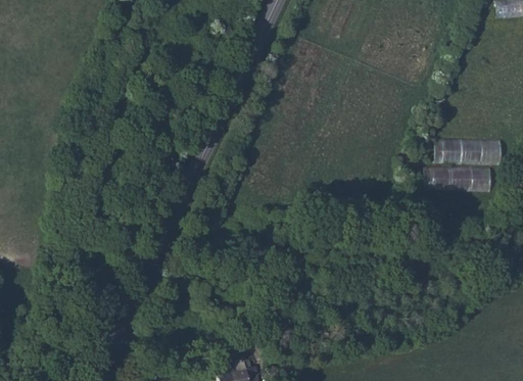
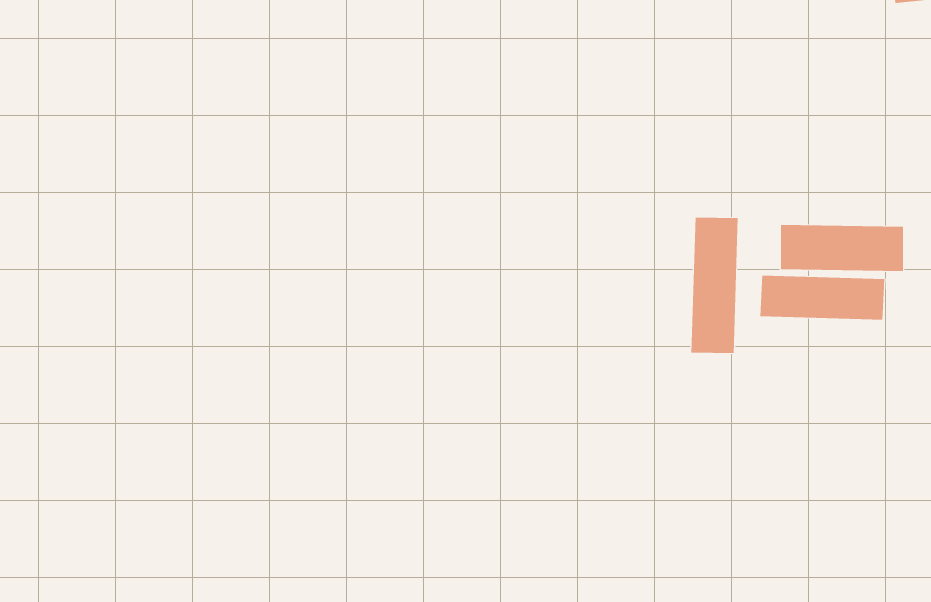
building: none -> [691,217,738,354]

